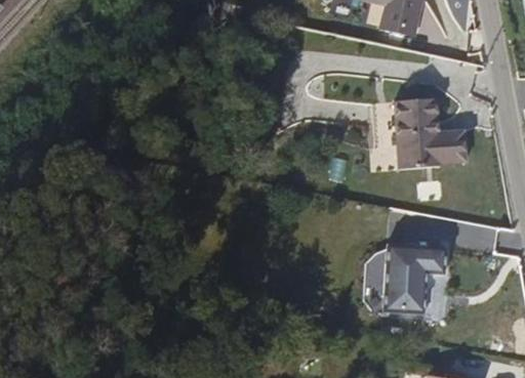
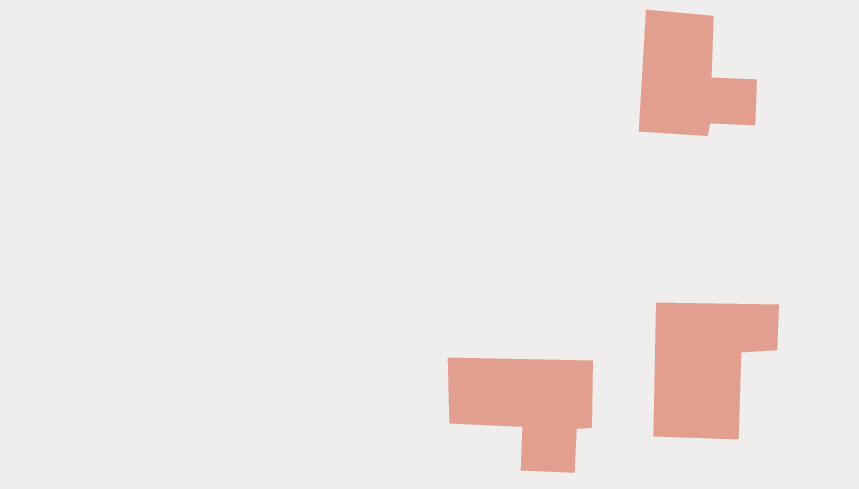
building: none -> [447,357,594,473]

